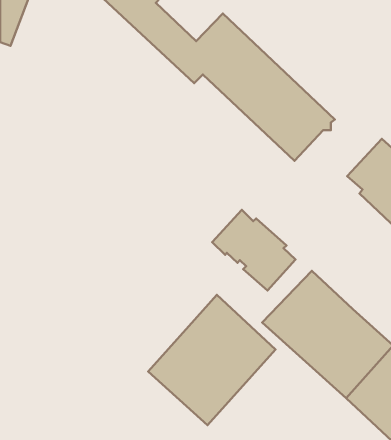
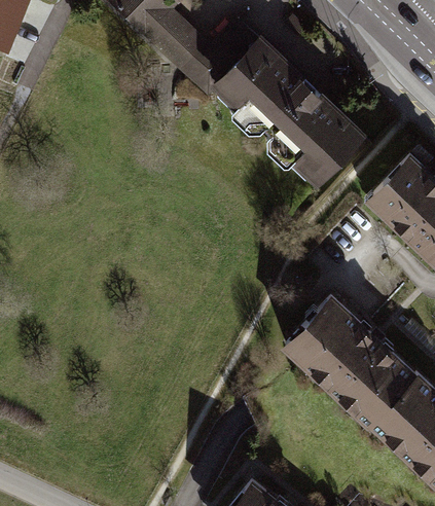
building: [212,210,296,291] -> none
building: [148,295,275,425] -> none

